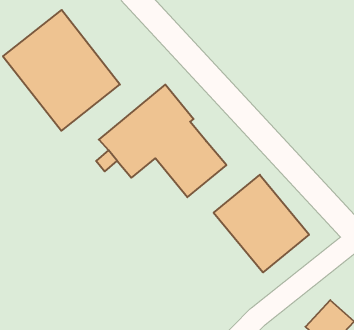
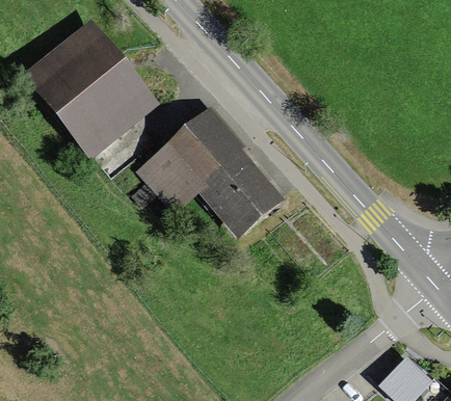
building: [214,175,309,272] -> none

